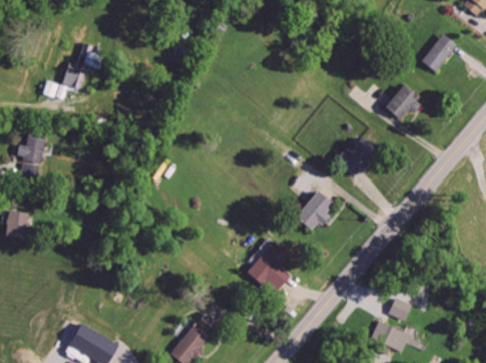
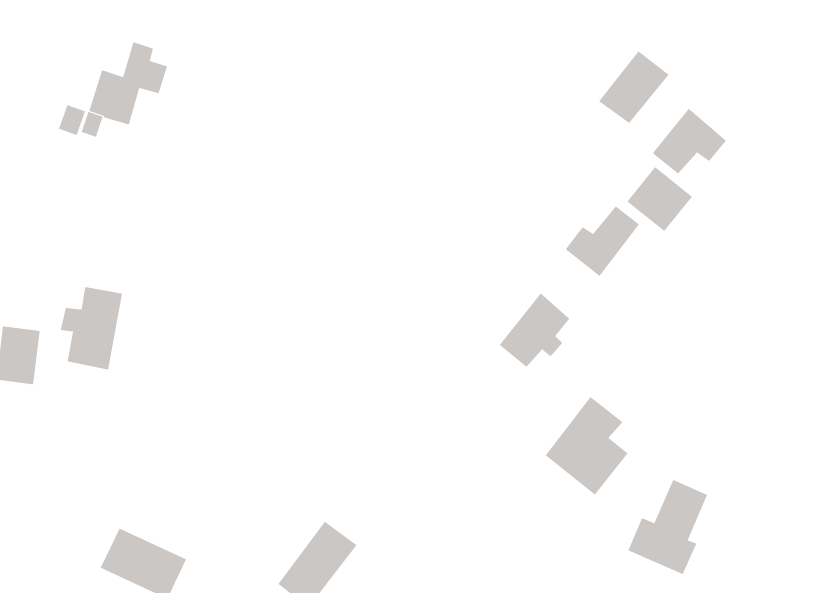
building: [419,31,460,73] -> [598,51,670,124]
building: none -> [627,166,693,232]
building: [16,132,52,180] -> [60,286,123,370]
building: [245,239,293,296] -> [545,396,628,495]

